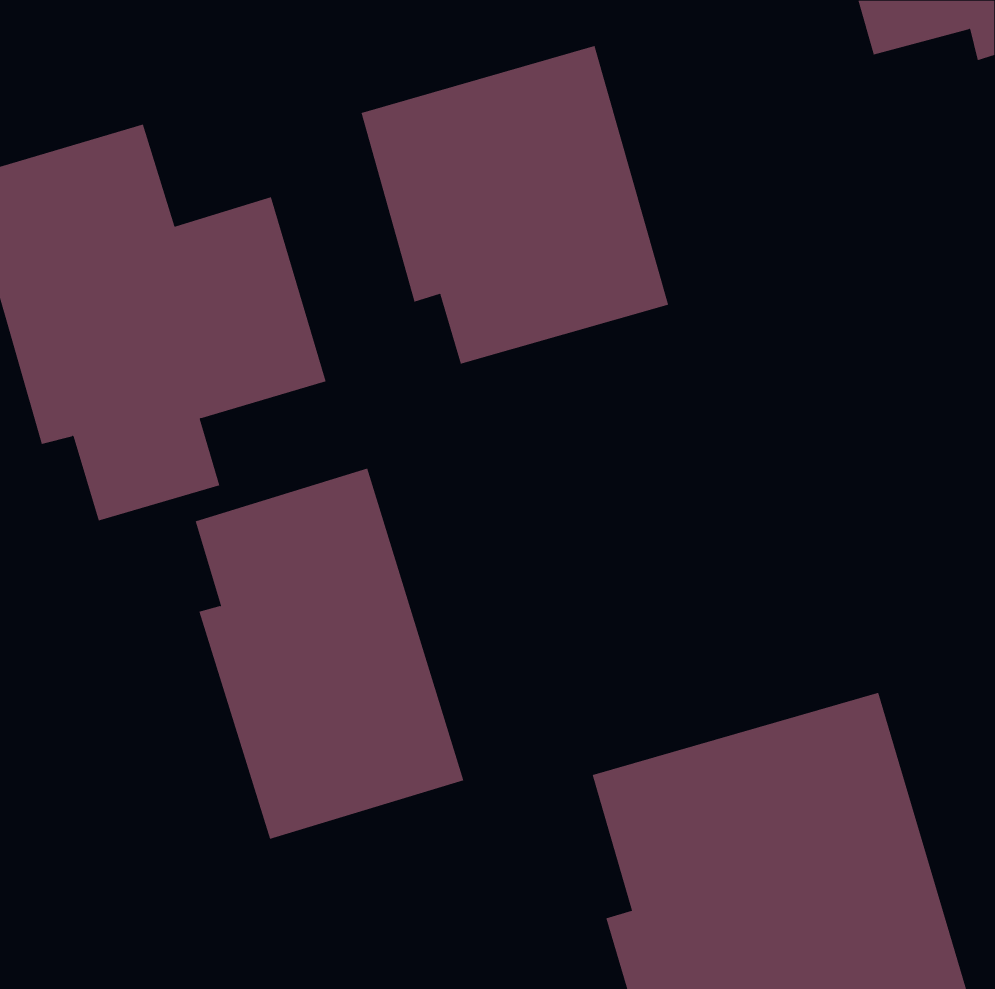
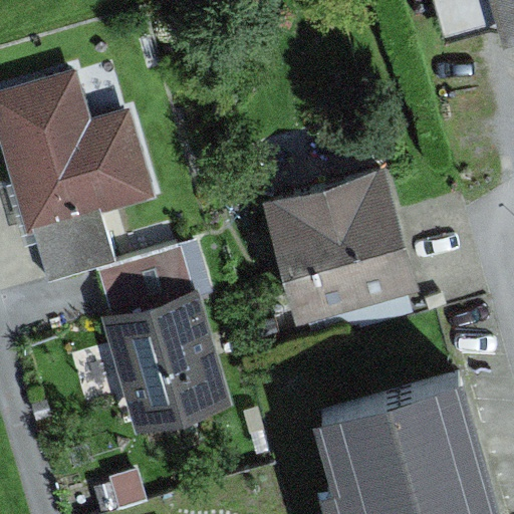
building: [361,45,669,365] -> none
building: none -> [258,160,415,340]

